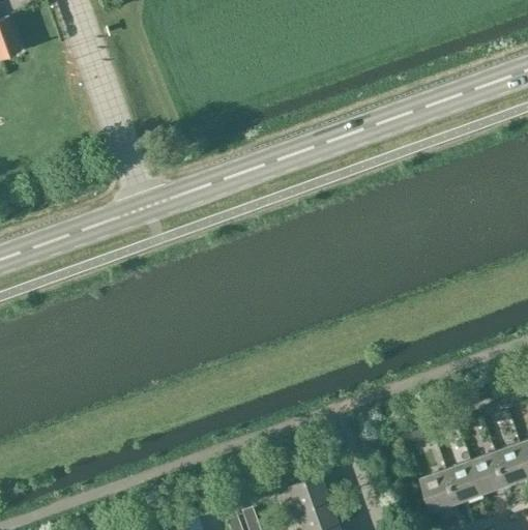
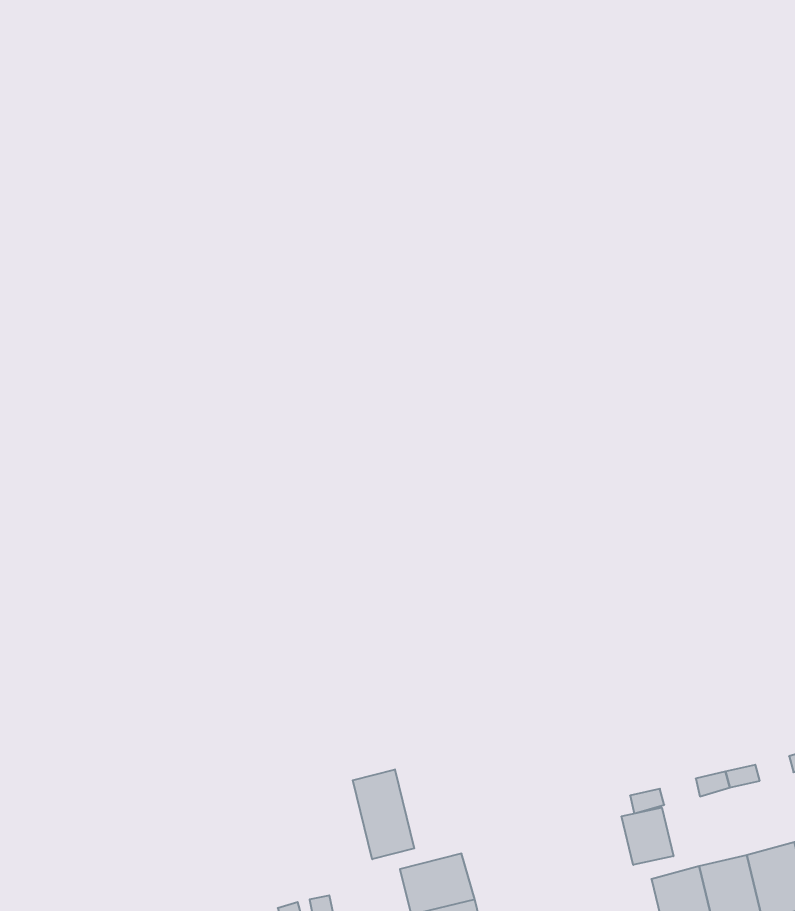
building: none -> [353,769,414,859]
building: none -> [622,808,673,865]

